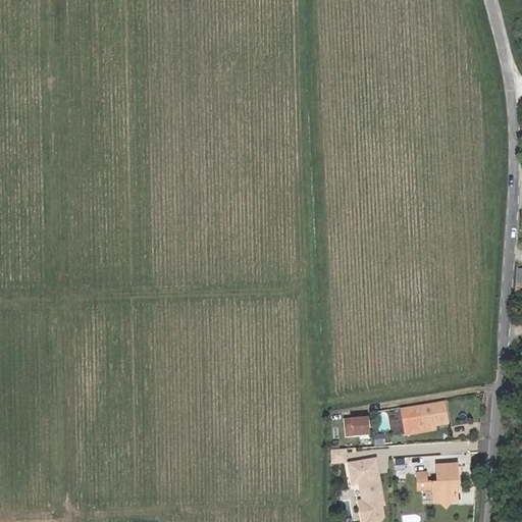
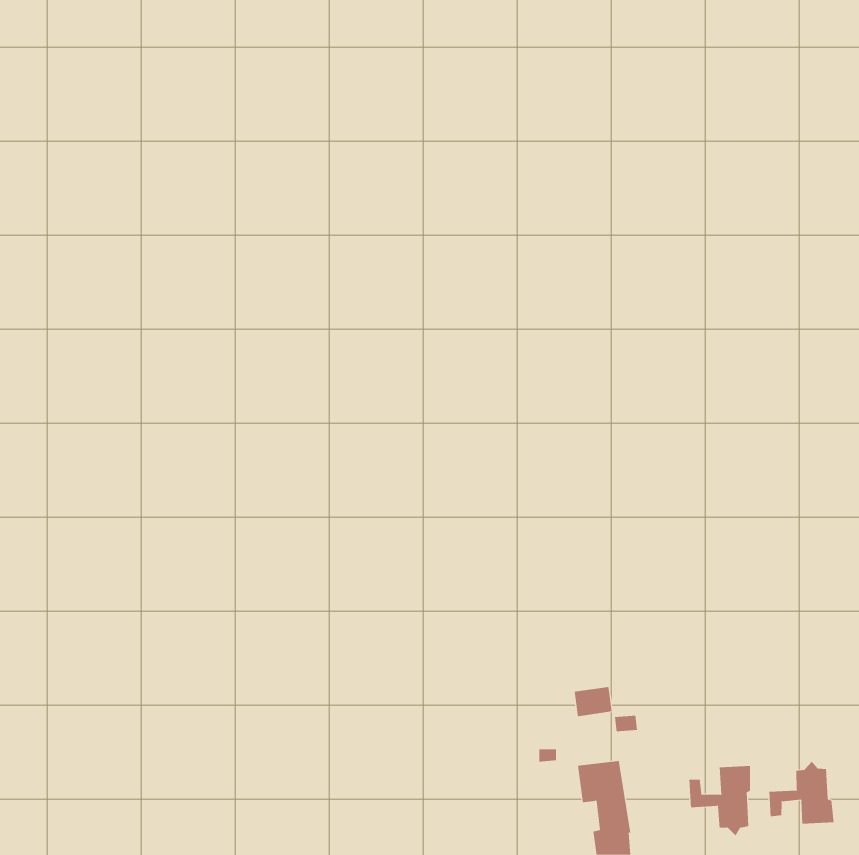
building: [400,403,443,433] -> none
building: none -> [769,761,834,825]

